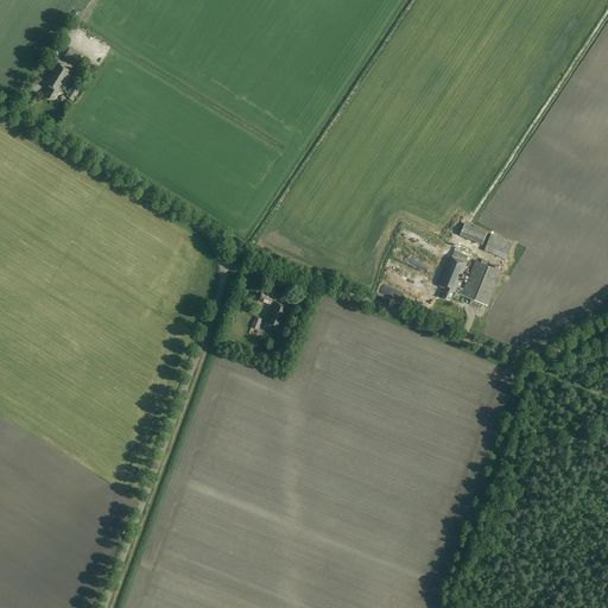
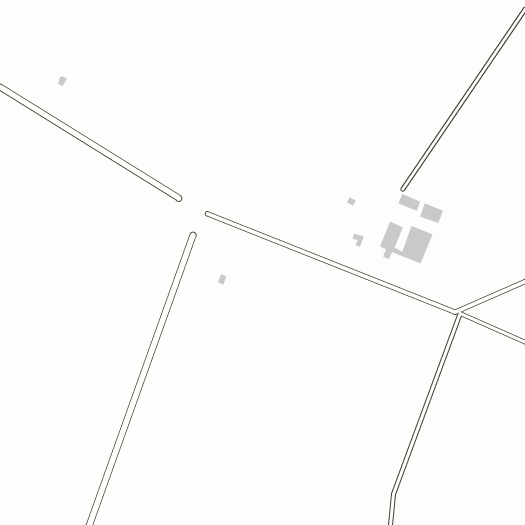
building: [44,62,71,100] -> none
building: [260,291,291,329] -> none

